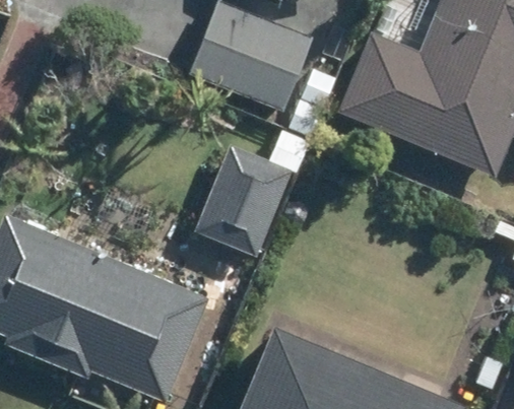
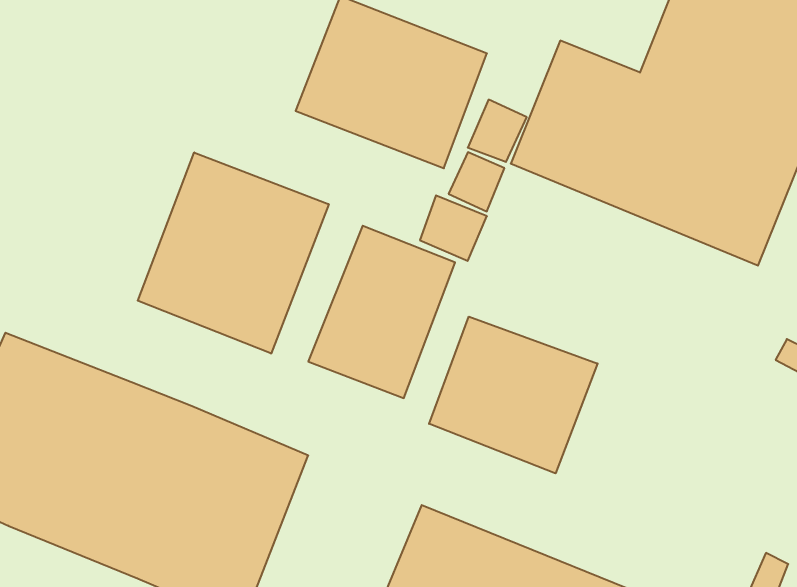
building: none -> [138,152,329,354]
building: none -> [429,317,598,473]

